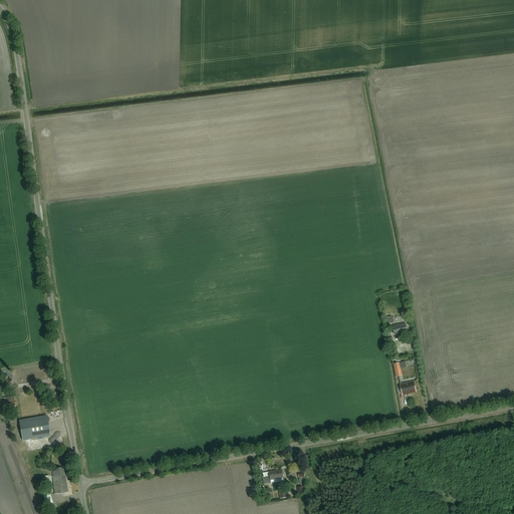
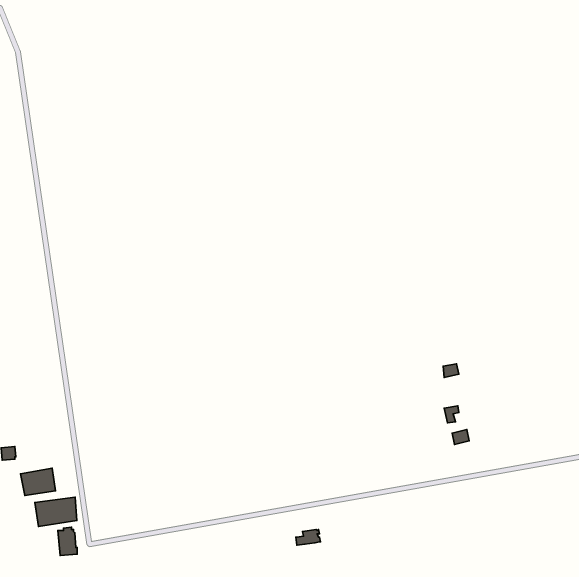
building: none -> [35,497,77,526]

